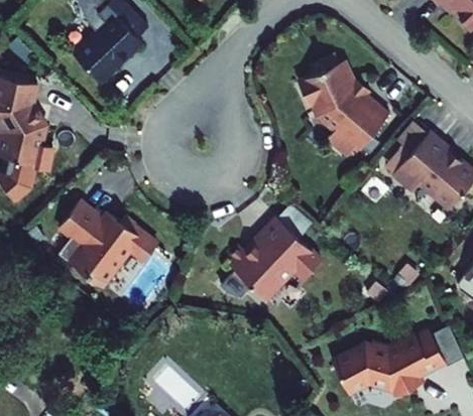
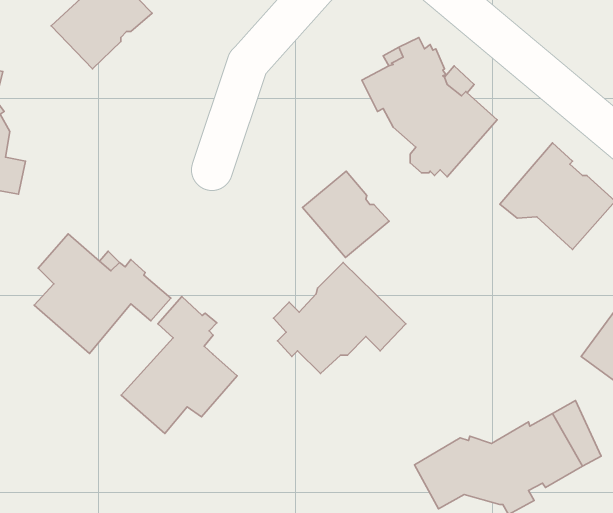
building: none -> [303,171,389,258]
building: none -> [121,297,237,433]

